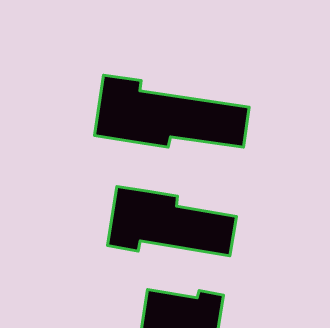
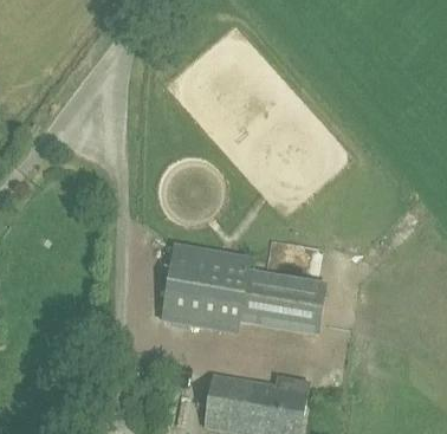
building: [94,75,249,147] -> none

